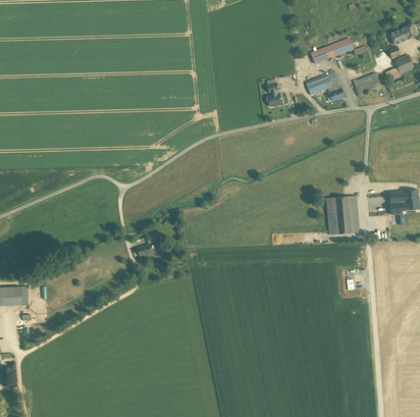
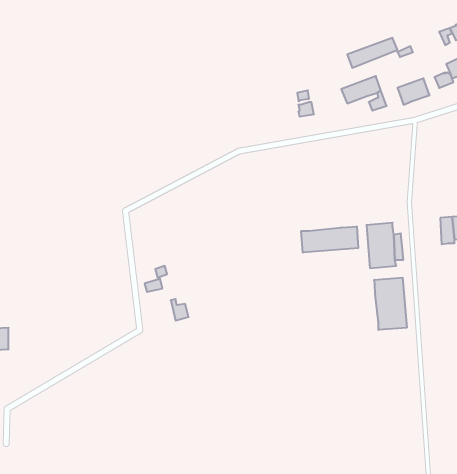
building: none -> [301,226,358,253]
building: none -> [374,278,407,330]

